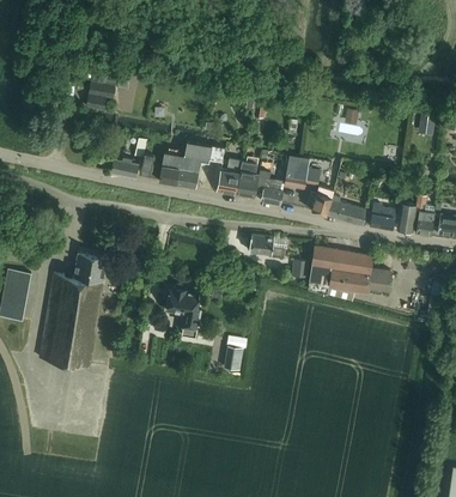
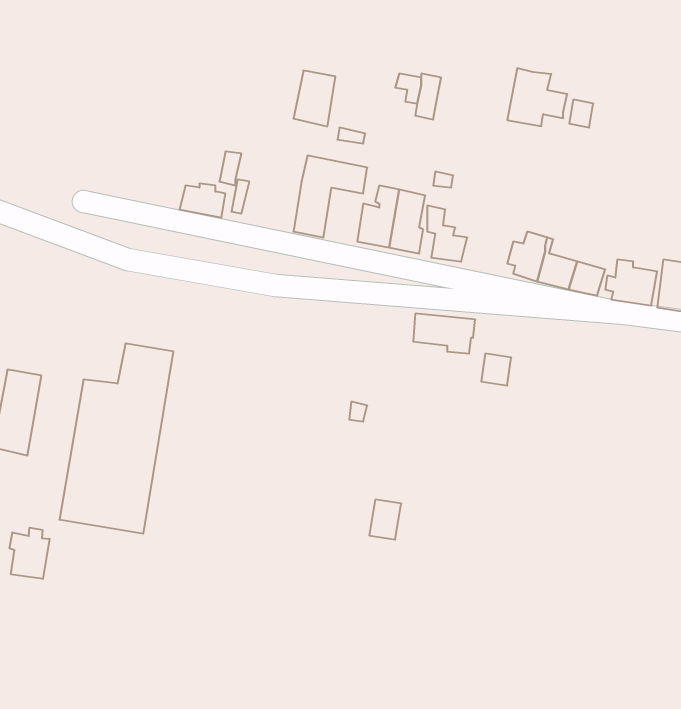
building: [87,81,115,109] -> none
building: [159,152,184,186] -> [293,70,335,126]
building: [284,154,320,189] -> [507,68,567,126]
building: [308,244,390,301] -> none
building: [166,285,202,337] -> none
building: none -> [9,528,50,579]

